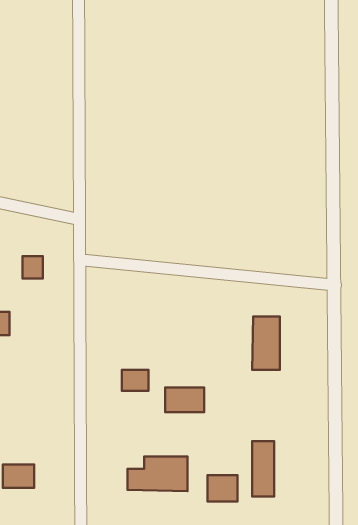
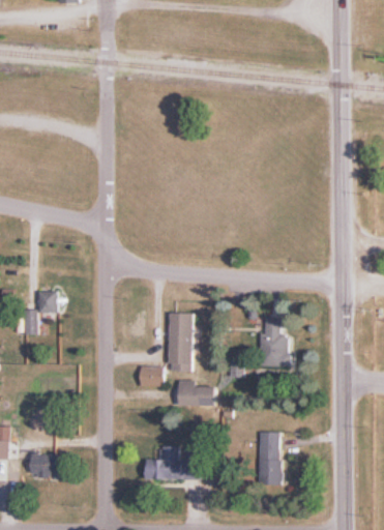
building: [23,256,43,278] -> [37,291,56,312]
building: none -> [169,313,193,373]
building: [208,475,238,502] -> none

